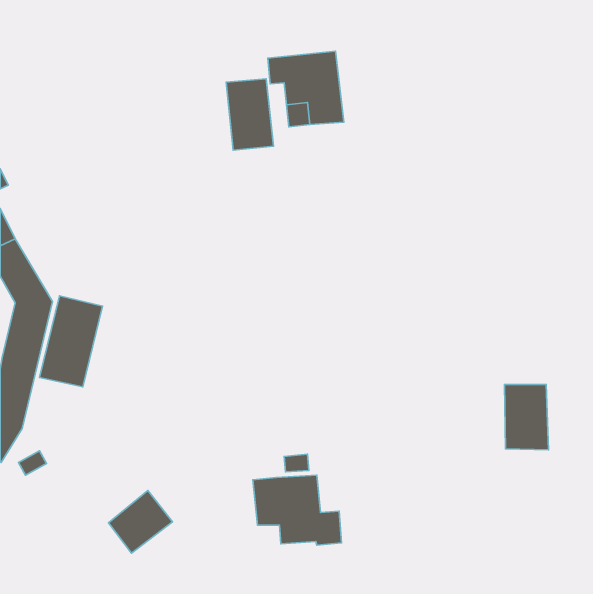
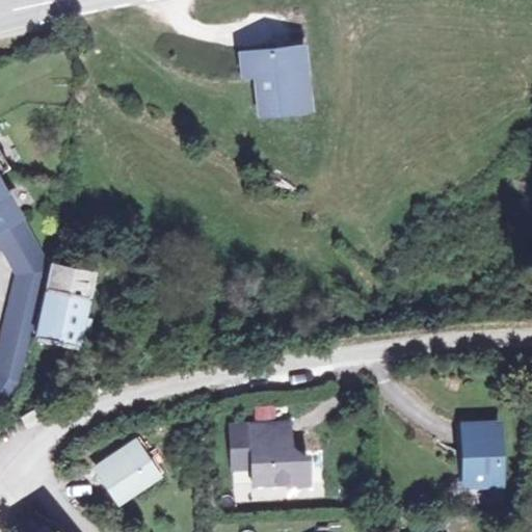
building: [226,79,273,150] -> none
building: [504,385,549,450] -> [461,423,501,481]

